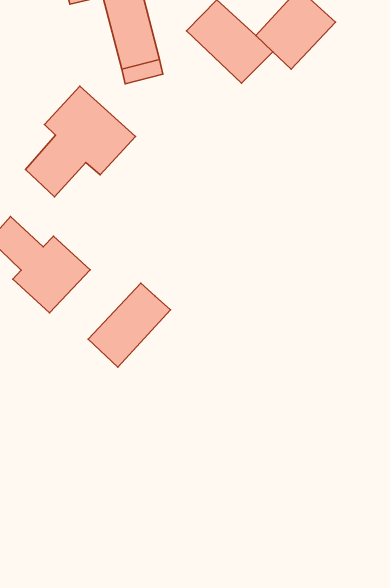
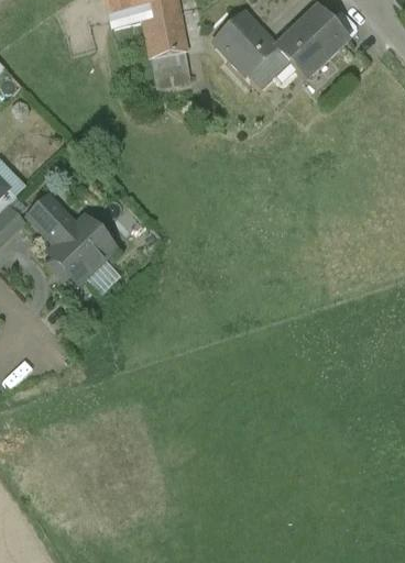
building: [26,86,136,197] -> none
building: [88,283,170,367] -> none

